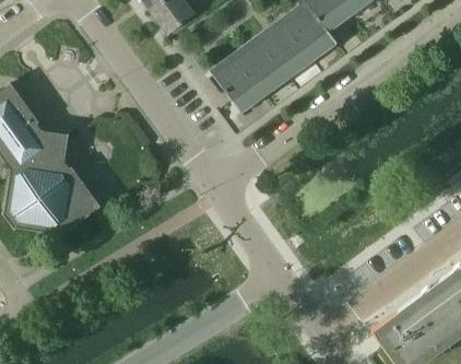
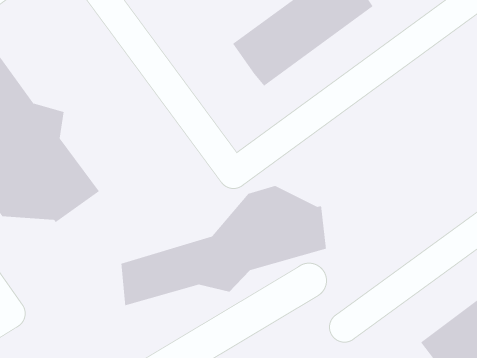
building: none -> [121,185,326,306]

